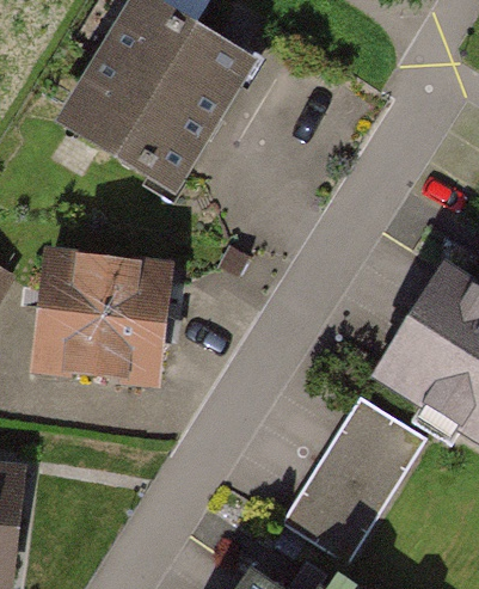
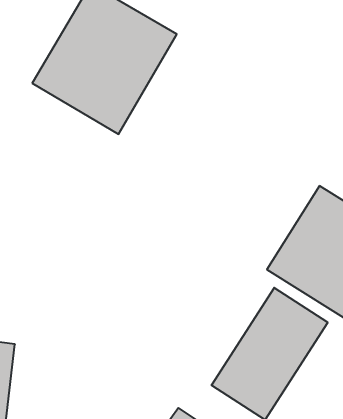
building: [25,256,166,382] -> none

